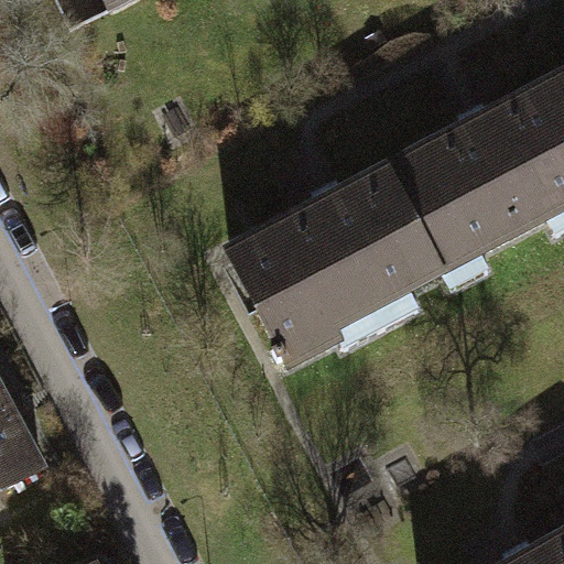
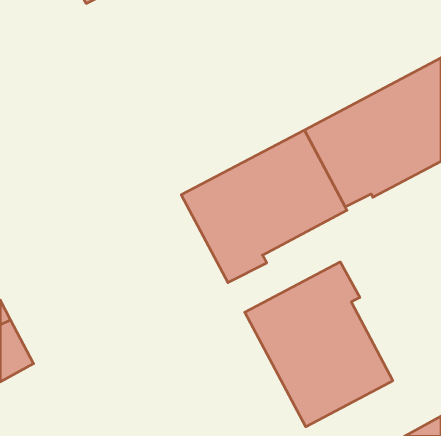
building: none -> [245,262,393,427]

